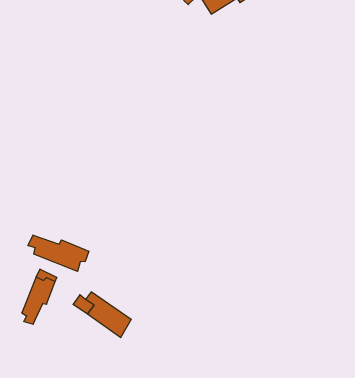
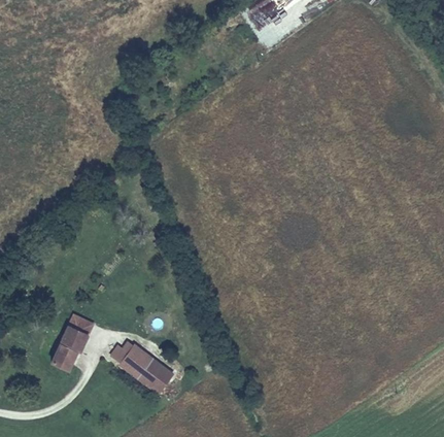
building: [28,235,89,271] -> none

